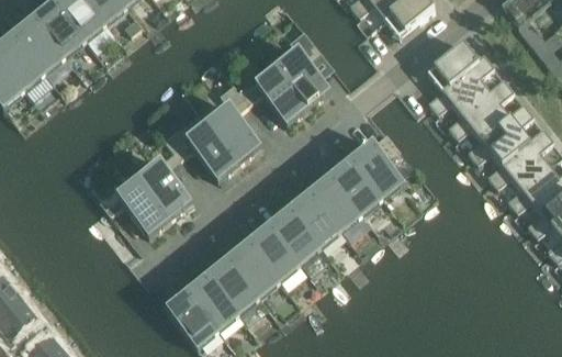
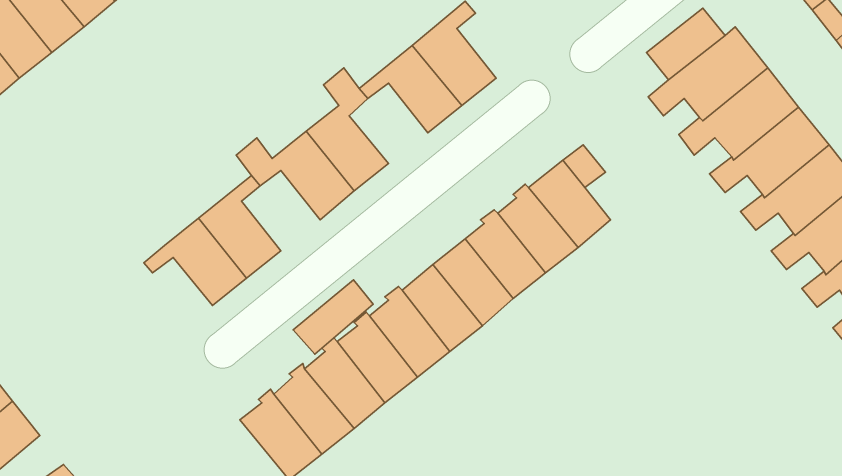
building: none -> [293,280,373,354]

